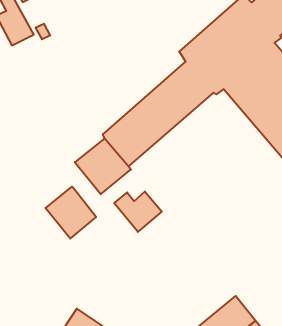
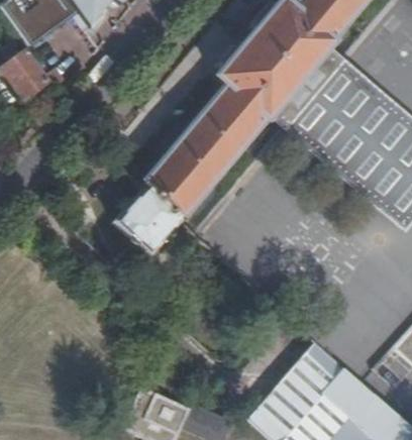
building: [45,187,96,239] -> none
building: [114,191,162,232] -> none

